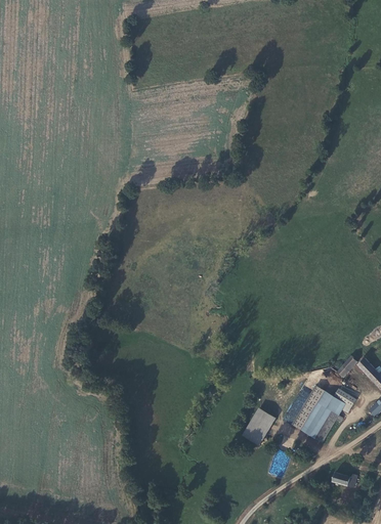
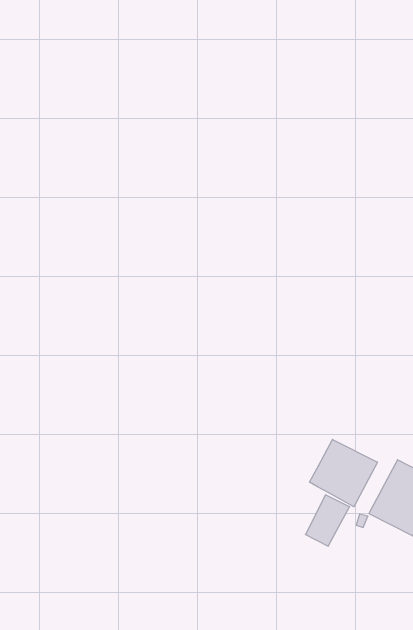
building: none -> [310,439,377,507]

